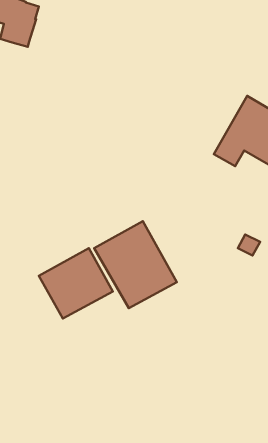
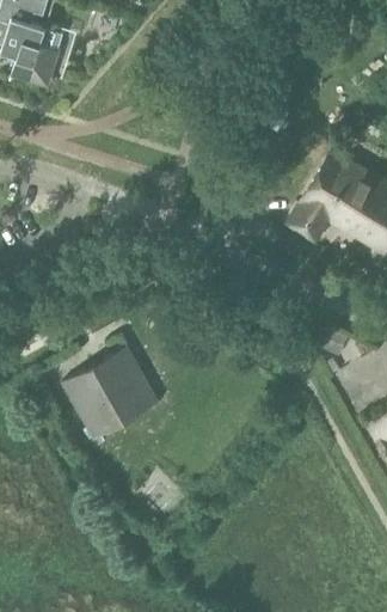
building: [94,221,177,308] -> none

